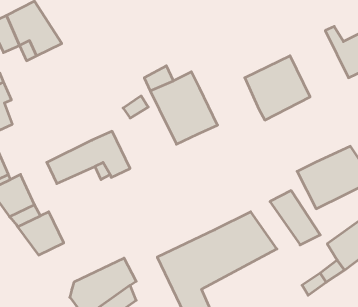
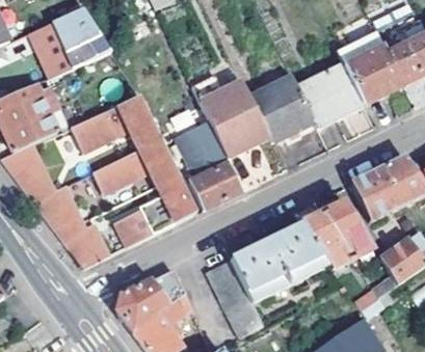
building: none -> [337,31,403,105]
building: none -> [249,76,311,137]
building: none -> [71,97,159,153]
building: none -> [177,117,242,210]
building: none -> [112,179,194,247]
building: none -> [302,213,353,267]

